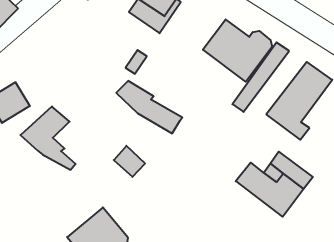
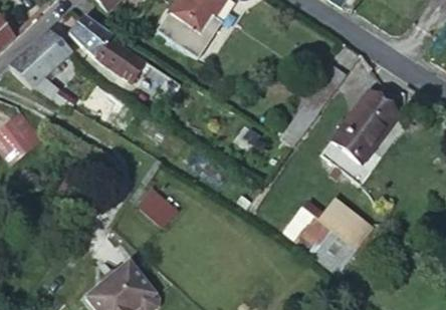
building: [203,19,272,82] -> none
building: [116,81,182,133] -> [68,20,147,82]
building: [20,106,76,170] -> [12,33,77,108]

